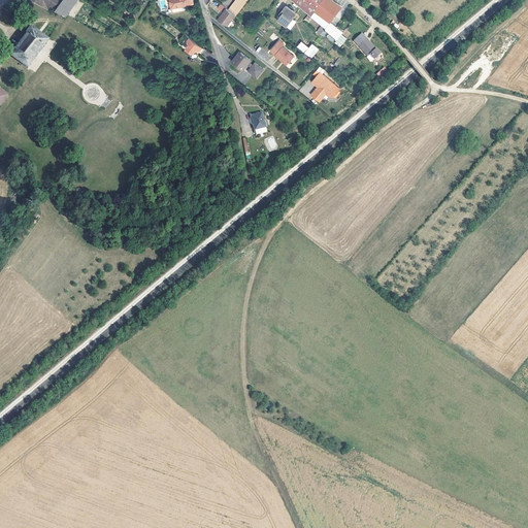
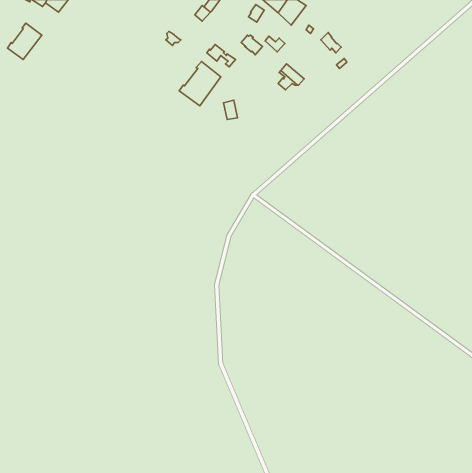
building: none -> [179,61,221,106]

